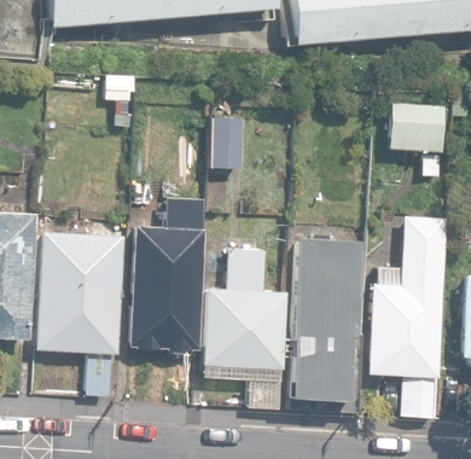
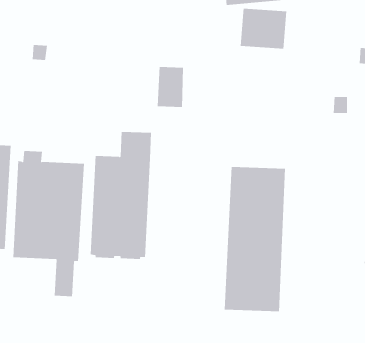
building: [388,103,444,152] -> [240,8,287,49]
building: [368,214,448,417] -> none
building: [203,249,289,409] -> none

